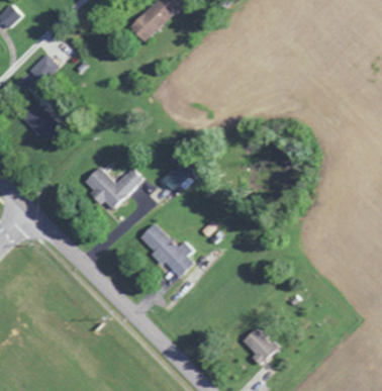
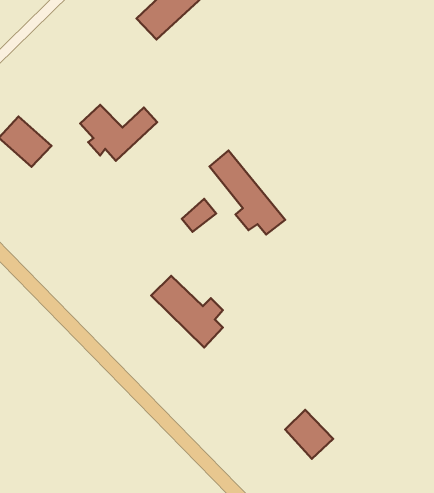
building: [33,54,61,80] -> none
building: none -> [209,150,285,235]
building: [84,167,142,209] -> [80,105,157,161]

